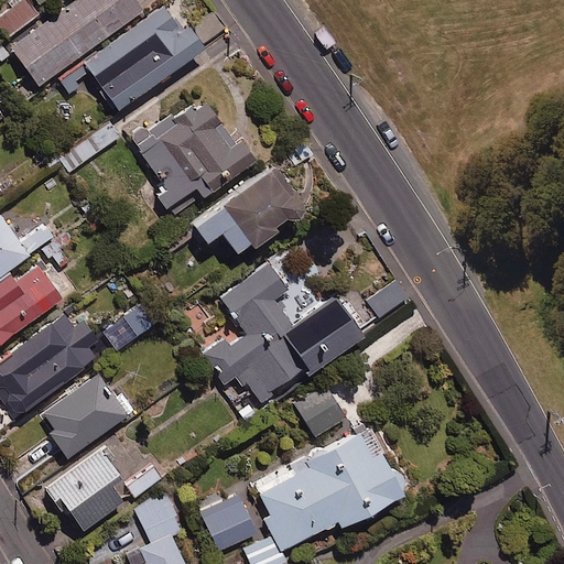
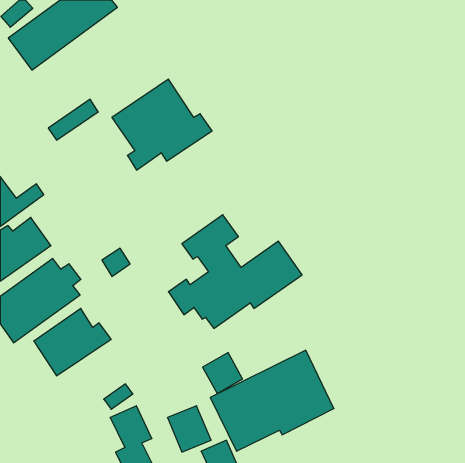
building: [56,7,205,110] -> none
building: [188,166,304,253] -> none
building: [296,388,345,437] -> [203,353,243,393]
building: [52,451,123,531] -> none

